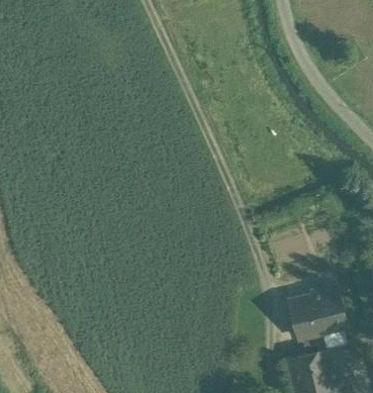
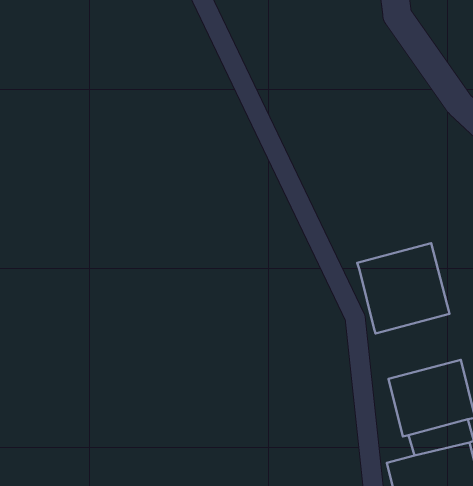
building: none -> [357,243,450,334]

